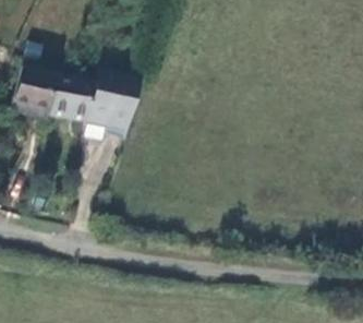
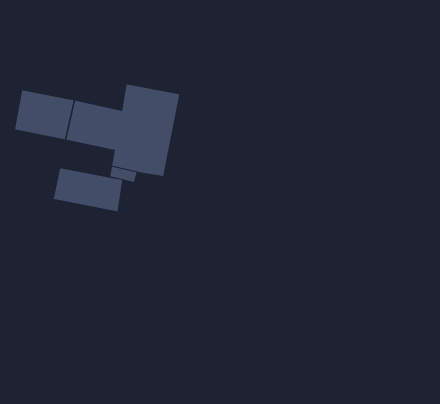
building: none -> [53,167,123,212]

